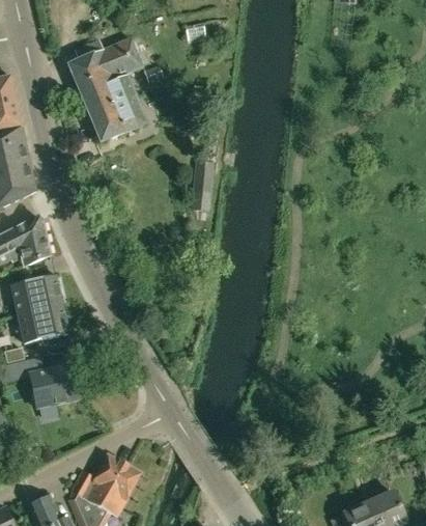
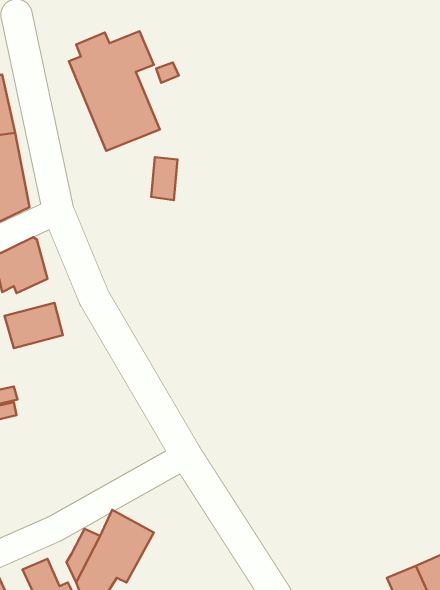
building: [188,172,210,210] -> [151,157,177,200]
building: [20,301,69,340] -> none
building: [34,361,86,407] -> none

